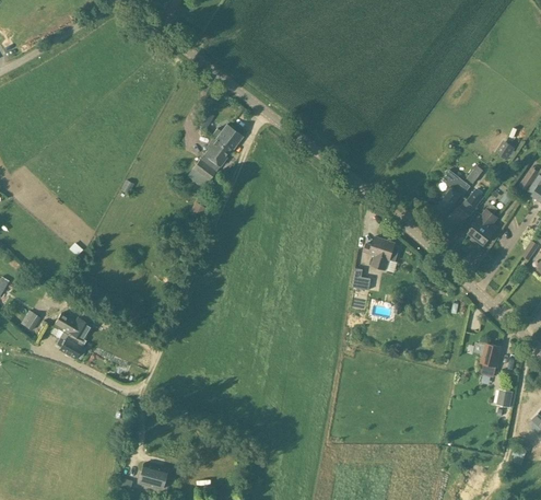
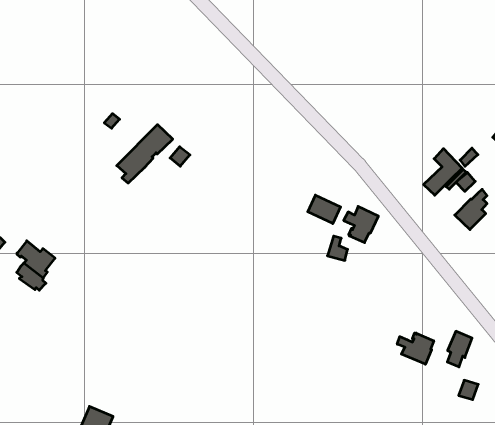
building: [193,124,244,184] -> [117,125,173,183]
building: none -> [308,195,341,224]
building: none -> [397,333,434,364]

